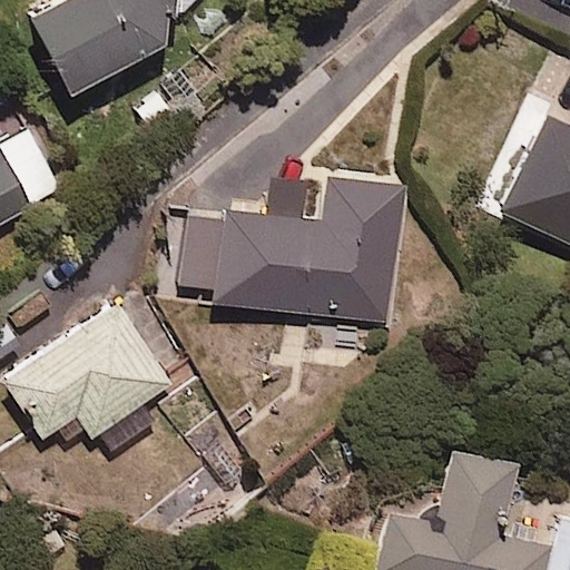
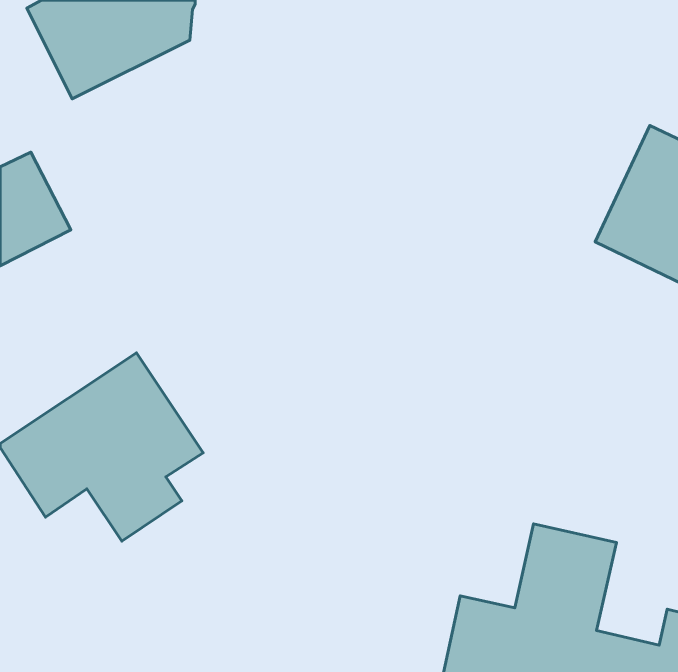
building: [179,175,406,325] -> none

